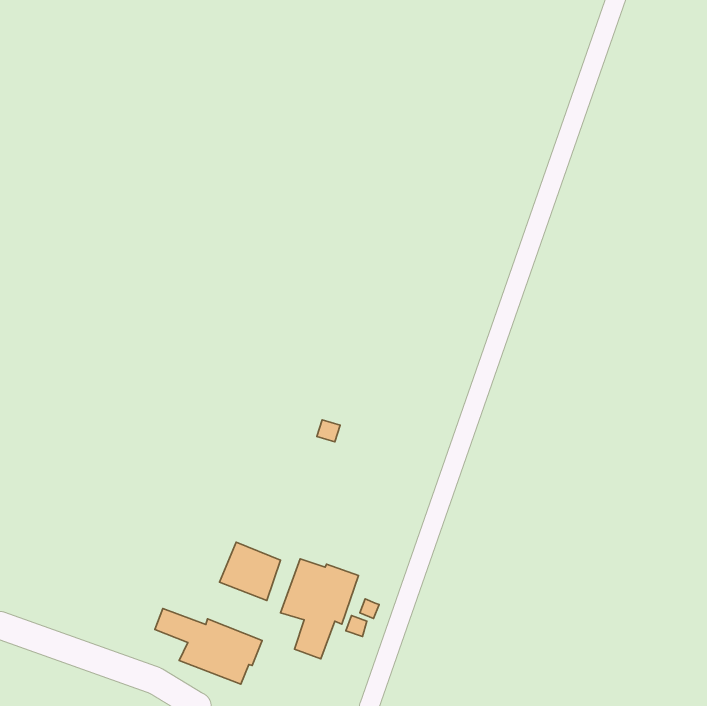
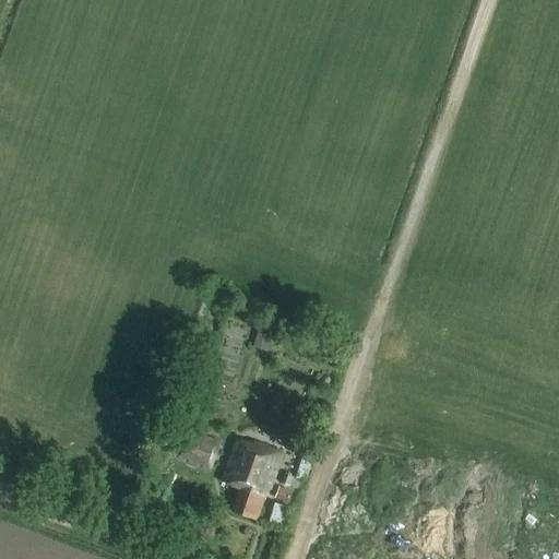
building: [155,608,262,684] -> none

